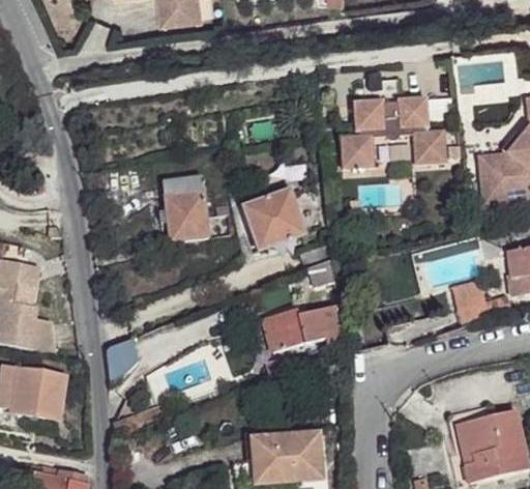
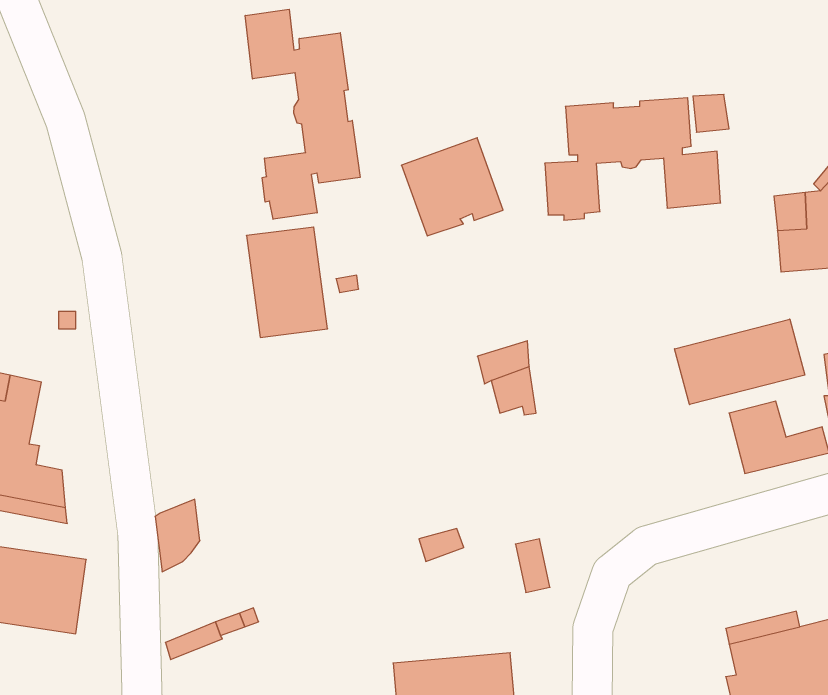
building: none -> [245,9,360,219]
building: [243,189,304,248] -> [401,138,503,236]
building: none -> [675,319,805,405]
building: [263,305,340,352] -> none

